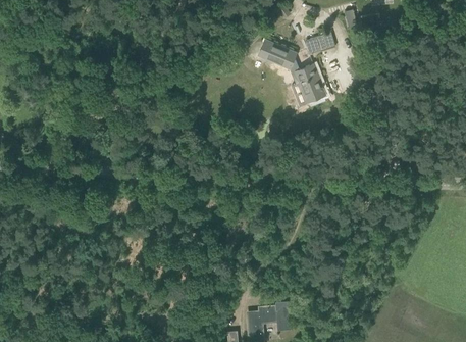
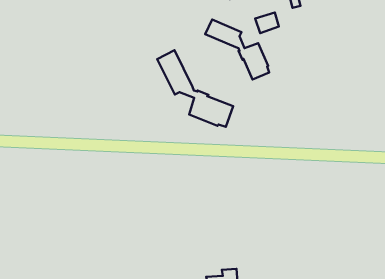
building: none -> [157,50,233,127]

